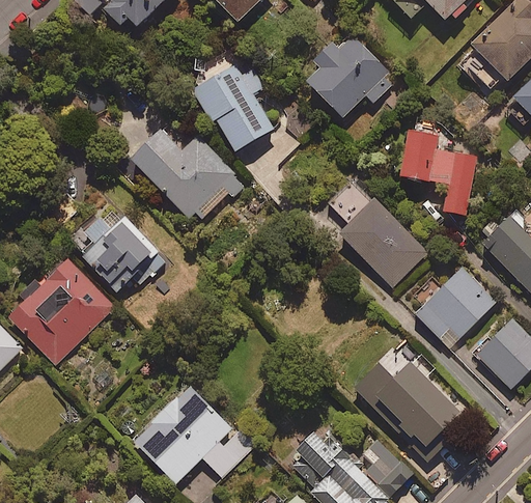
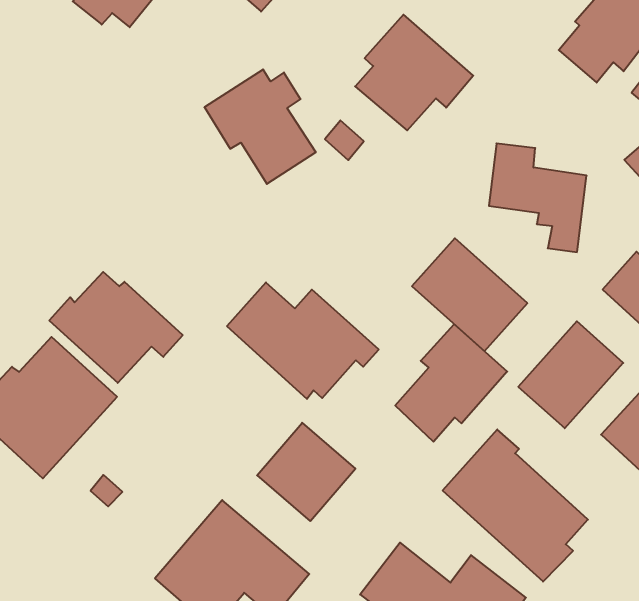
building: [132,129,245,218] -> [227,282,379,399]
building: [325,177,372,225] -> none
building: none -> [395,324,507,442]
building: none -> [257,423,355,521]

